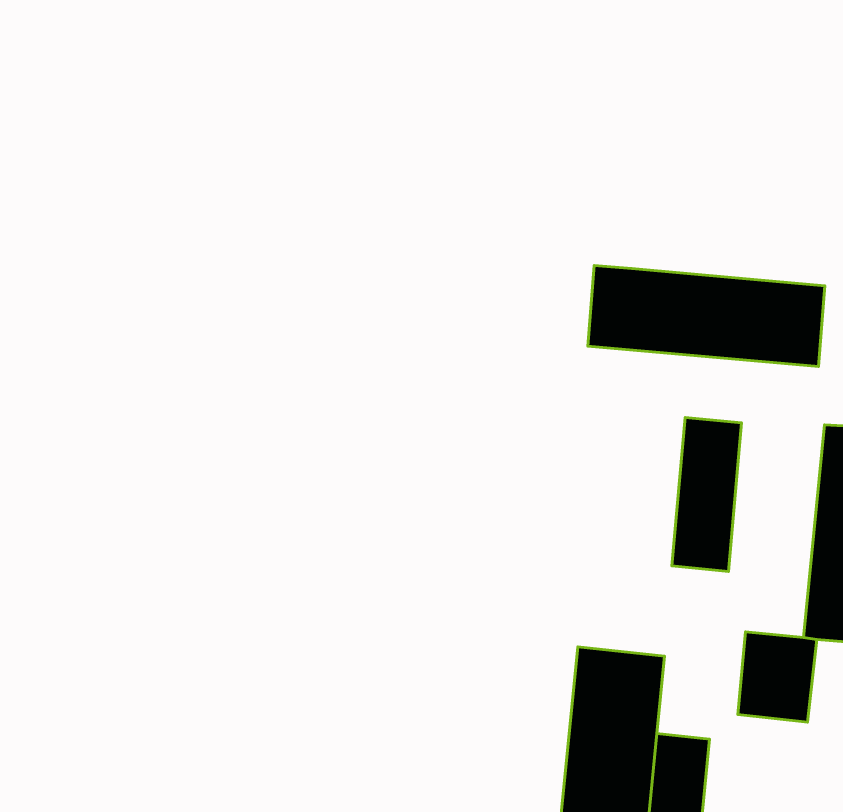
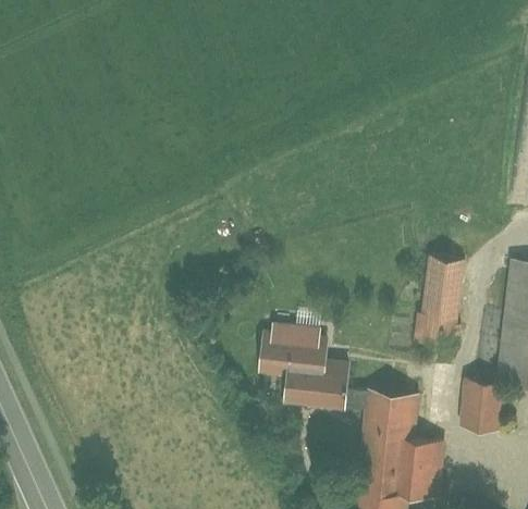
building: [588,265,825,367] -> none
building: none -> [257,323,349,410]

